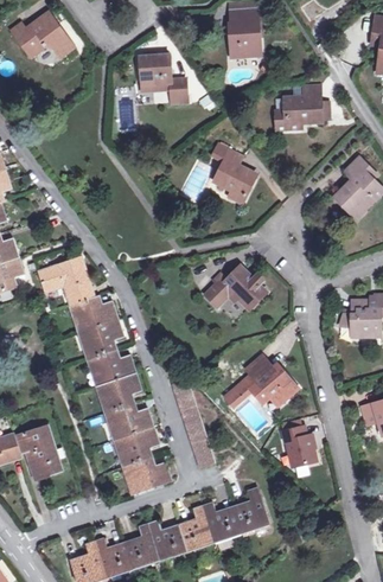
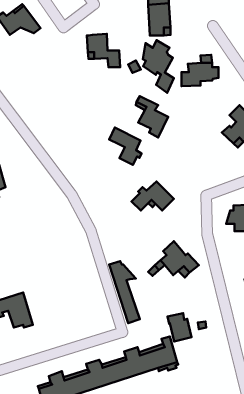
building: none -> [143,40,174,93]
building: none -> [109,128,142,165]
building: [38,260,171,494] -> none
building: [282,424,317,465] -> [167,313,191,341]

